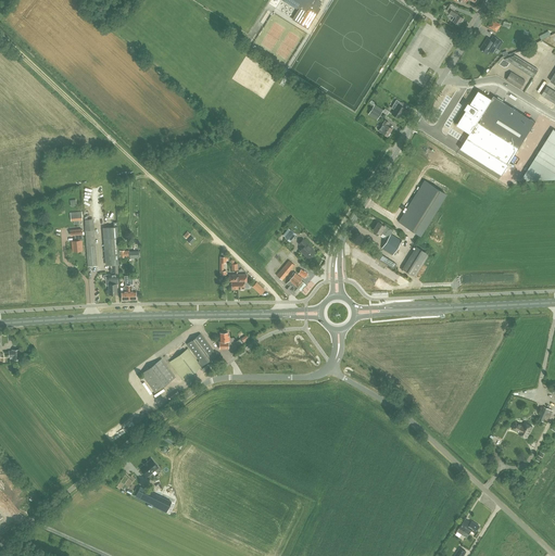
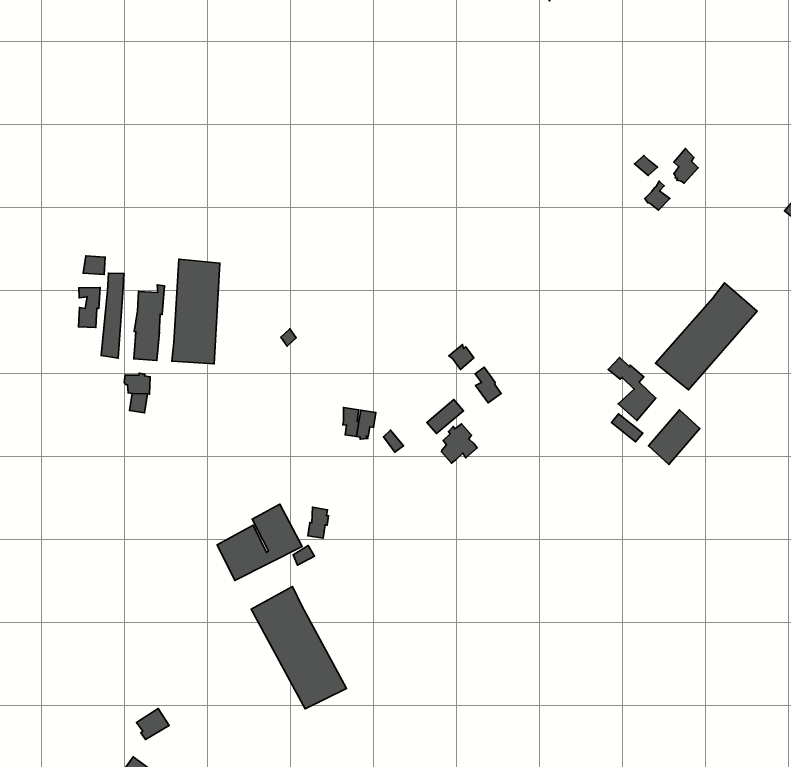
building: none -> [172,259,220,364]
building: [141,358,176,393] -> none
building: none -> [251,586,347,709]

